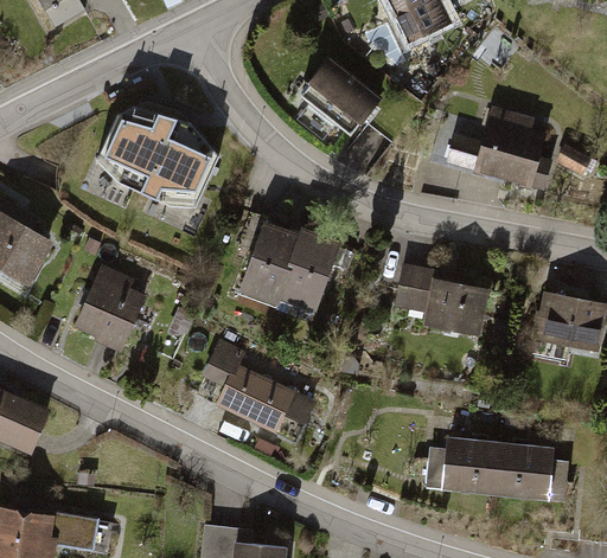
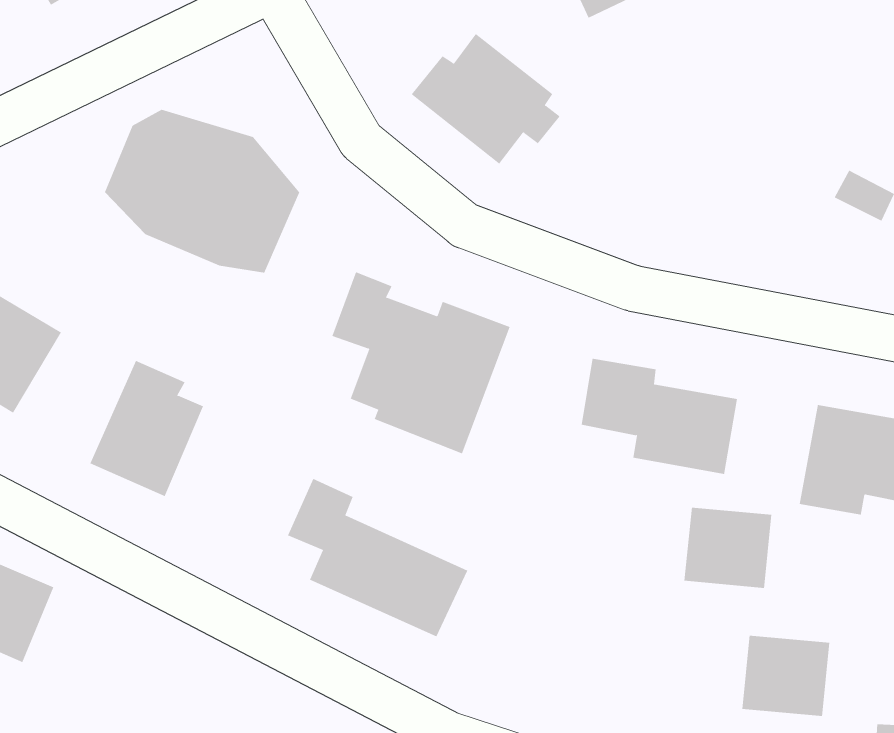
building: [437,101,547,192] -> none
building: [441,435,498,487] -> [684,507,772,588]

